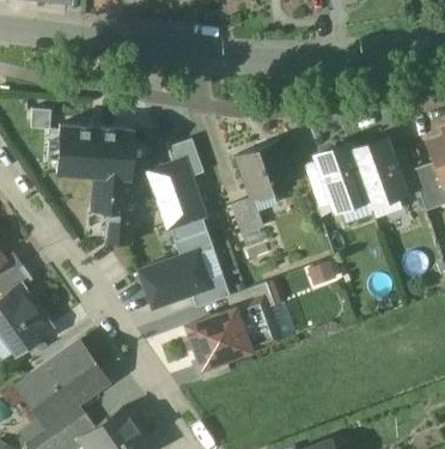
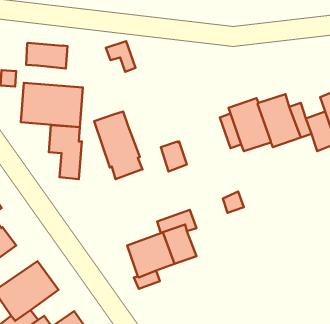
building: none -> [26,43,67,68]
building: [166,140,203,178] -> [106,41,136,72]
building: [237,147,293,199] -> none
building: [140,232,214,308] -> none

